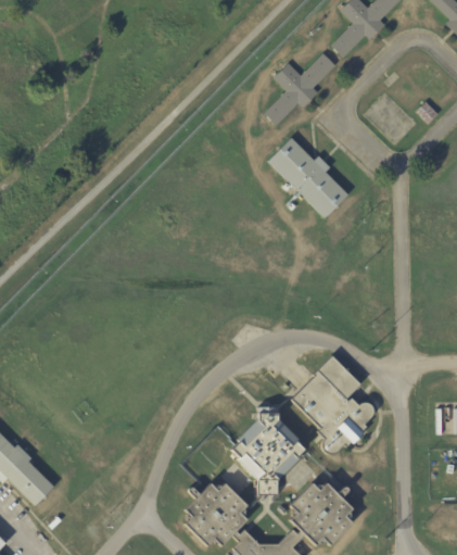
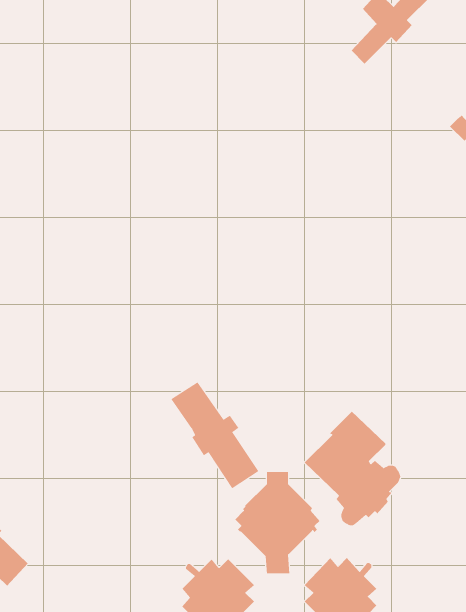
building: [264,53,335,126] -> none
building: [268,137,348,218] -> none
building: none -> [171,381,259,489]

